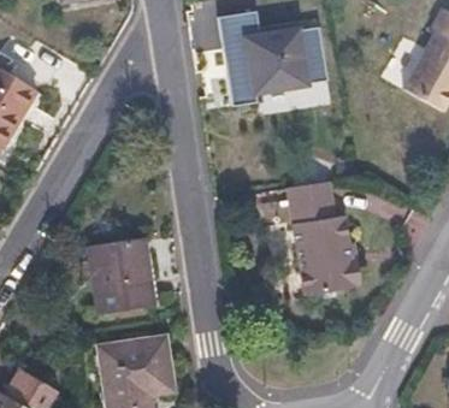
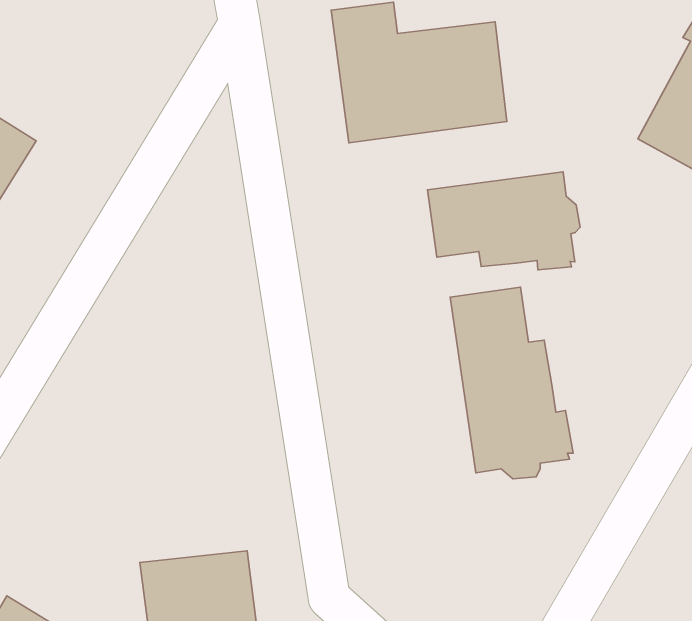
building: none -> [428,172,580,270]
building: [95,241,160,315] -> none

